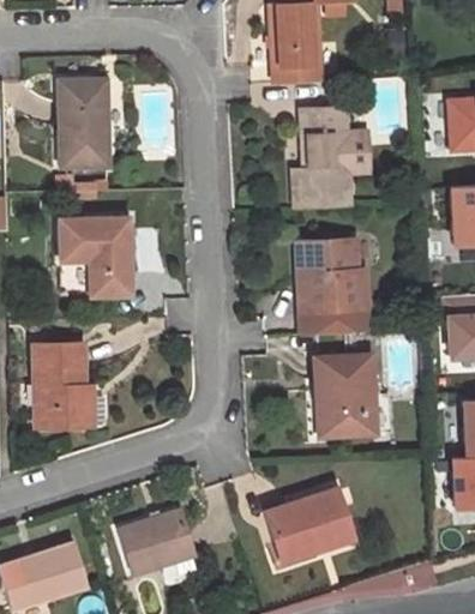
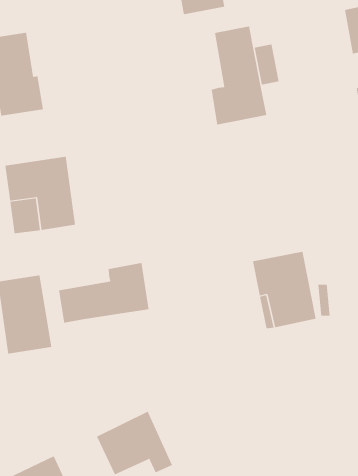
building: [297,237,366,336] -> none
building: none -> [58,262,149,323]
building: [266,489,353,560] -> none

